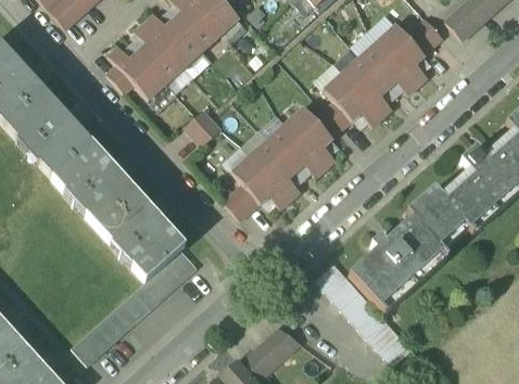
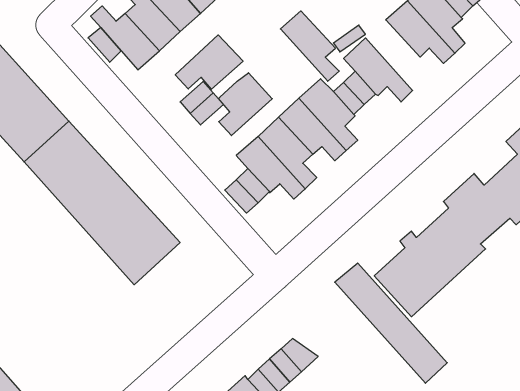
building: [342,56,392,116] -> [280,11,339,81]
building: none -> [175,35,243,89]
building: none -> [218,73,272,136]
building: [73,249,198,366] -> none

